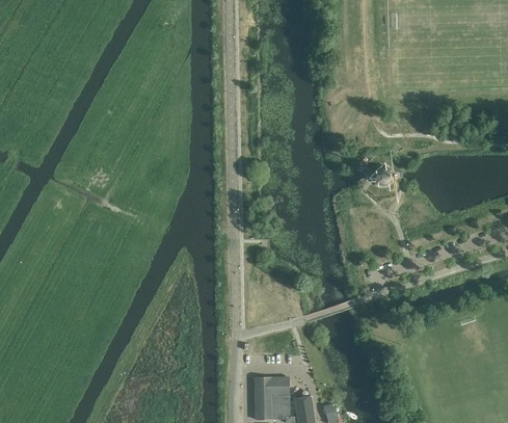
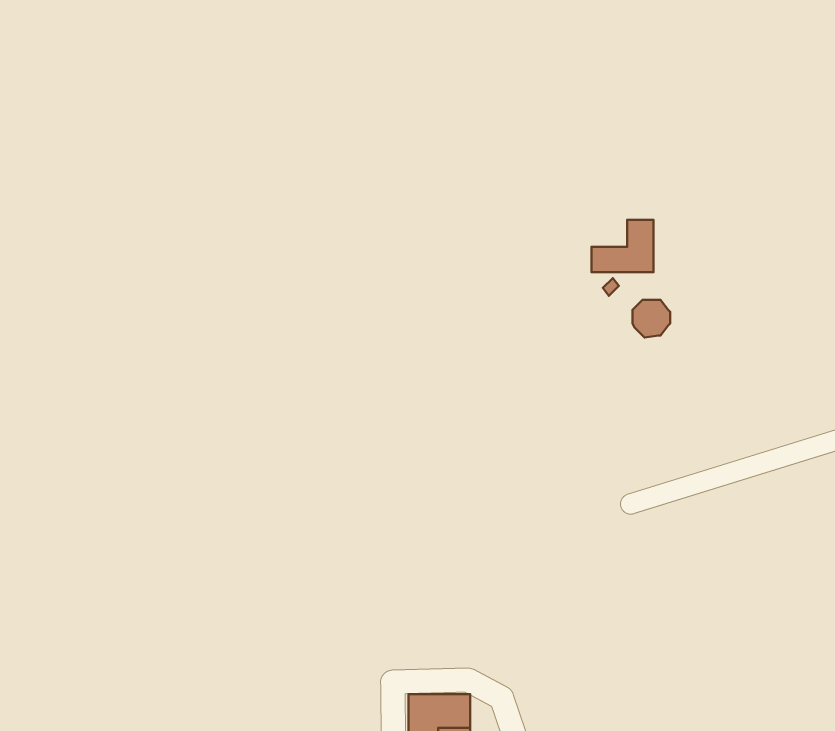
building: none -> [591,220,653,272]

